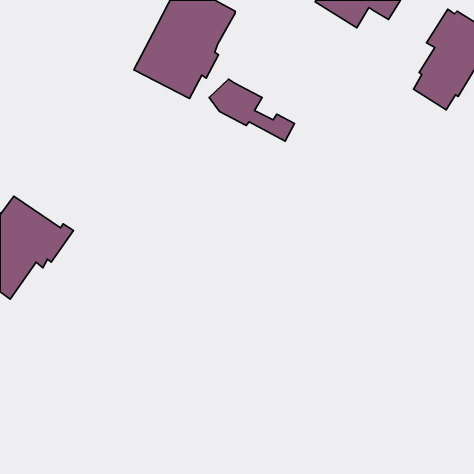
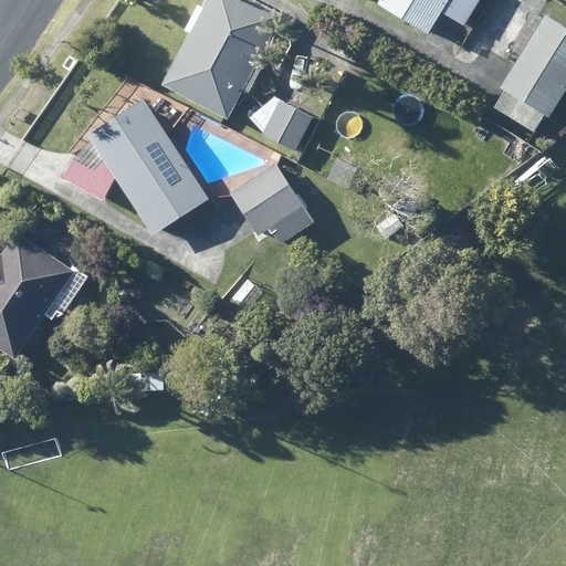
building: none -> [62,98,208,234]
building: none -> [230,165,312,243]

